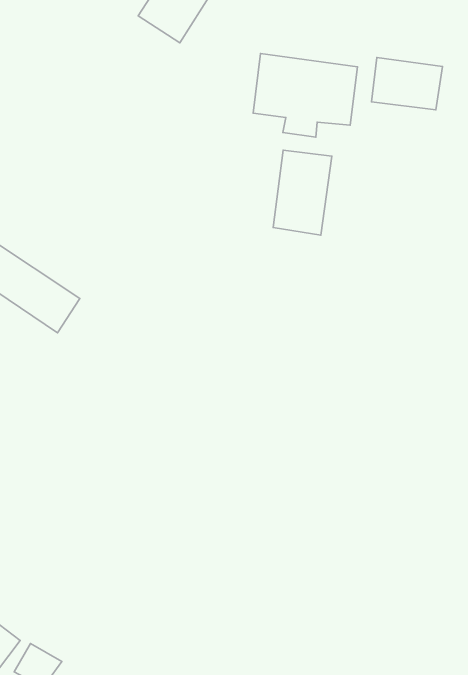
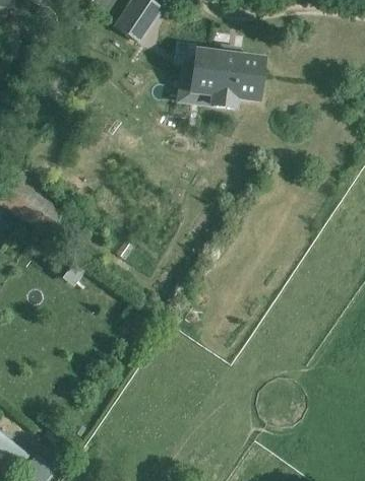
building: [371,57,442,110] -> none
building: [273,150,332,235] -> none

